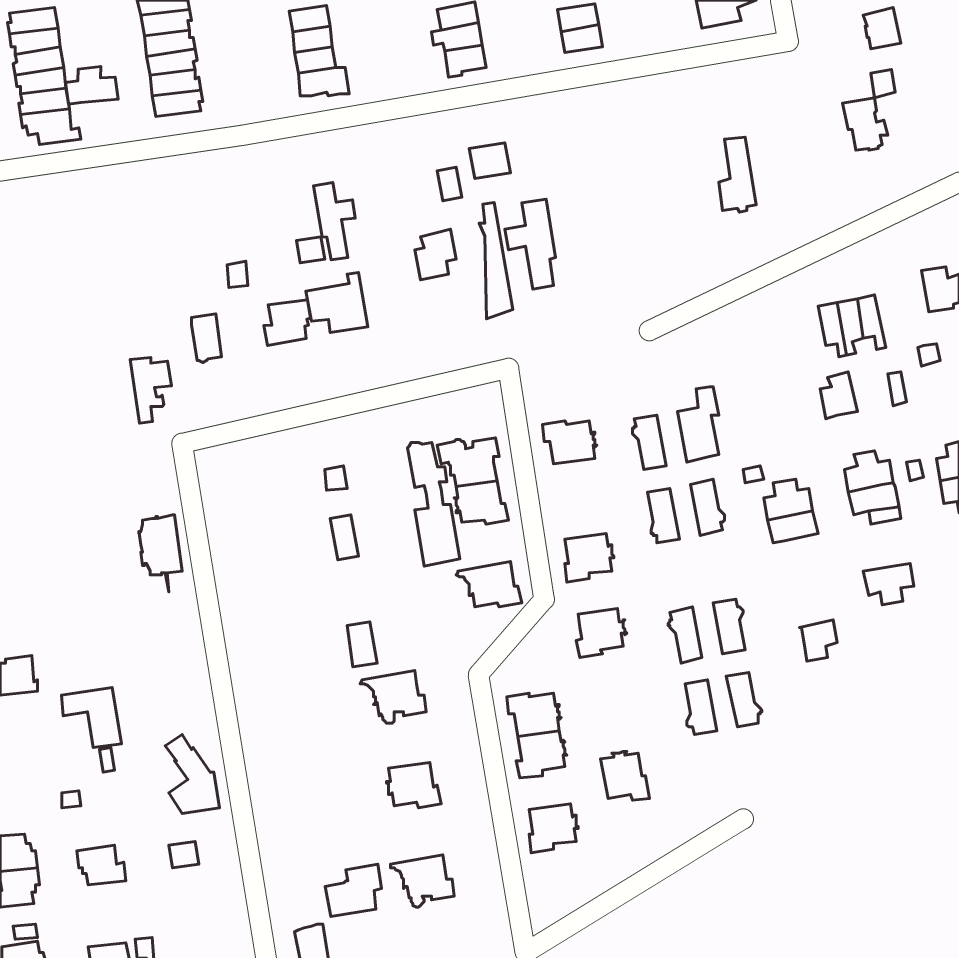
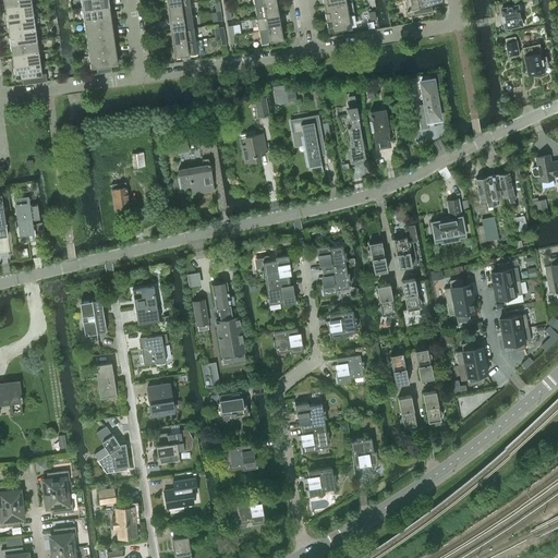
building: [65,66,118,104] -> none
building: [843,98,888,150] -> [522,45,548,75]
building: [313,182,355,260] -> none
building: none -> [369,109,389,148]
building: [479,202,513,319] -> [345,96,365,163]
building: [264,300,311,346] -> none
building: none -> [430,199,464,239]
building: [130,358,171,423] -> [15,203,39,241]
building: [407,442,460,566] -> [211,282,242,354]
building: none -> [322,267,350,294]
building: none -> [132,287,159,323]
building: none -> [499,311,529,332]
building: none -> [140,335,168,364]
building: none -> [456,342,484,366]
building: none -> [147,384,173,415]
building: [61,687,121,748] -> [82,363,117,398]
building: none -> [157,429,193,464]
building: none -> [44,471,69,495]
building: [325,864,382,917] -> [163,478,196,509]
building: none -> [112,506,136,538]
building: none -> [50,526,76,550]

